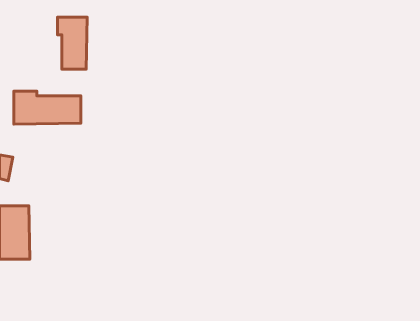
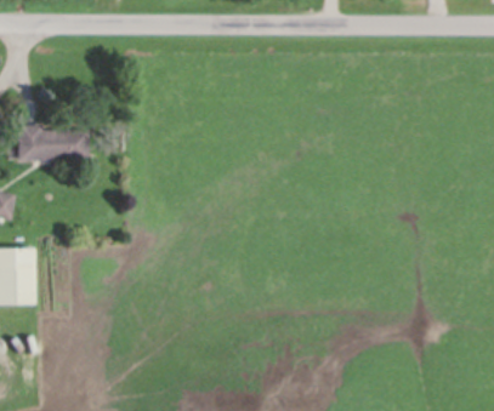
building: [58,17,87,69] -> none

